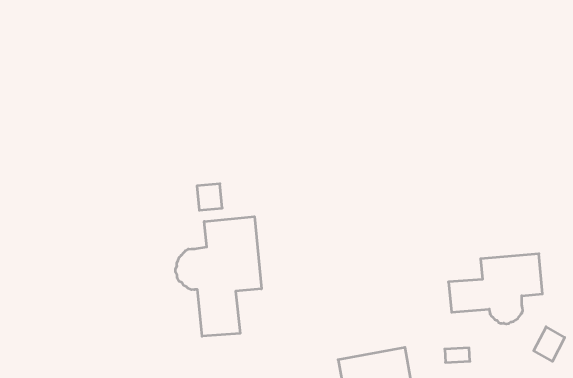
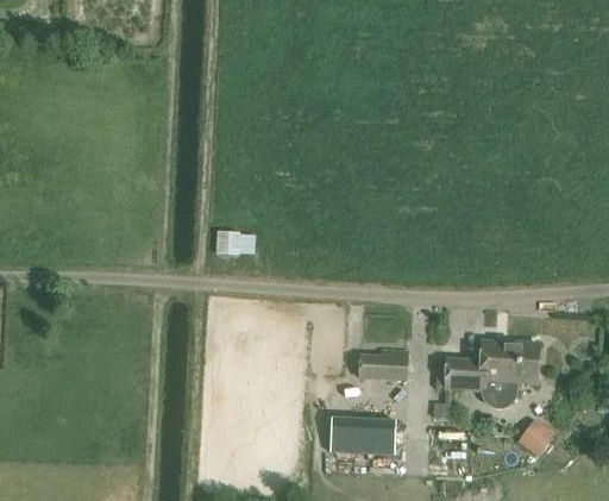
building: [175,217,261,336] -> none
building: none -> [360,350,407,380]

